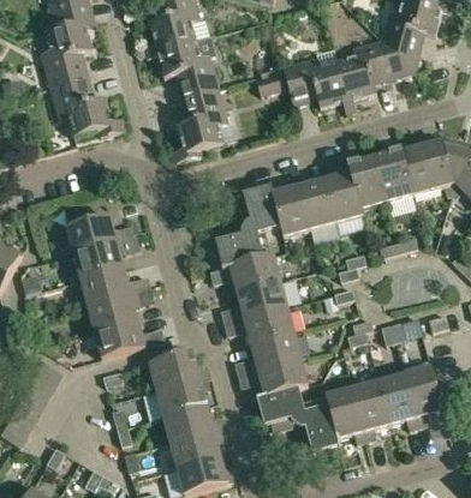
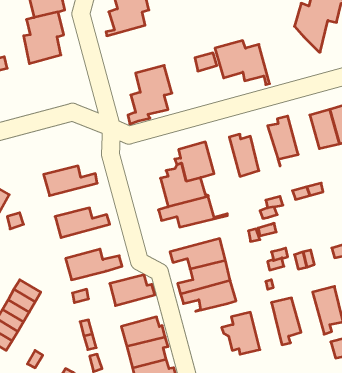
building: [145,38,217,98] -> none
building: [336,40,412,112] -> none
building: [48,76,124,137] -> none
building: [372,149,412,200] -> none
building: [326,164,363,221] -> none
building: [269,179,312,235] -> none
building: [73,236,137,278] -> none
building: [221,277,304,323] -> none
building: [88,288,153,331] -> none
building: [377,373,418,428] -> none
building: [156,377,209,416] -> none
building: [324,386,365,445] -> none
building: [257,388,304,430] -> none

